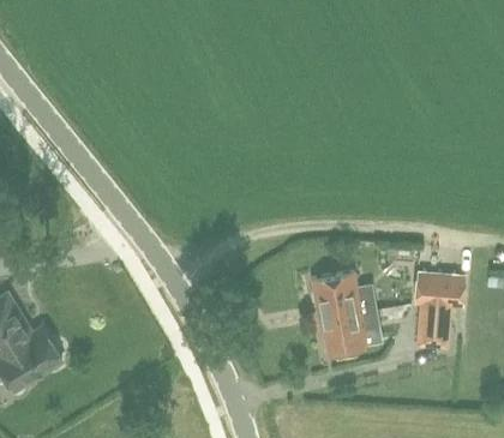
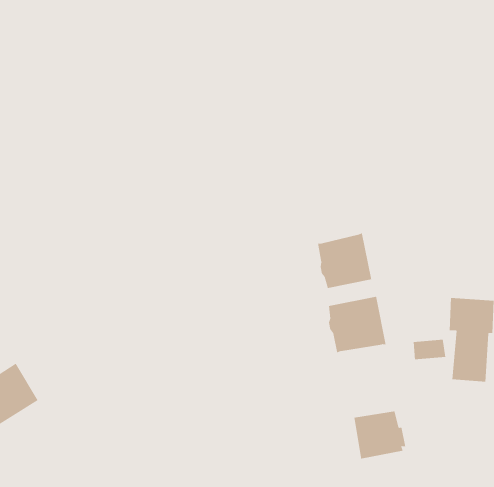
building: none -> [317,232,372,289]
building: [323,312,368,354] -> [354,411,406,459]

